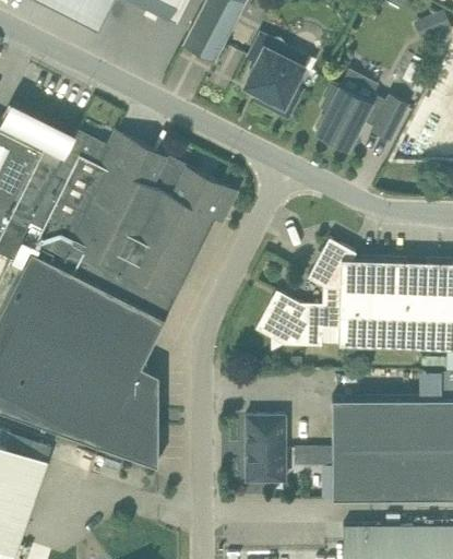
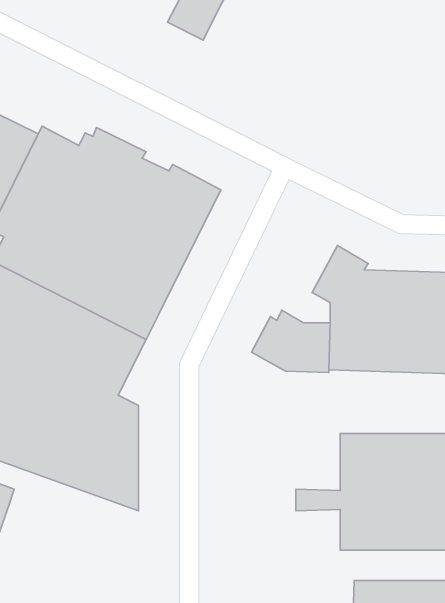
building: [243,33,306,119] -> none
building: [317,70,407,150] -> none
building: [246,416,285,481] -> none

